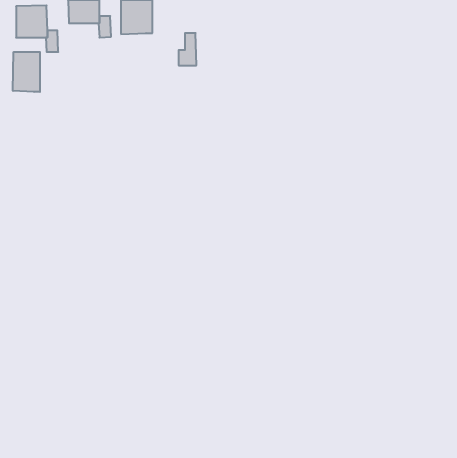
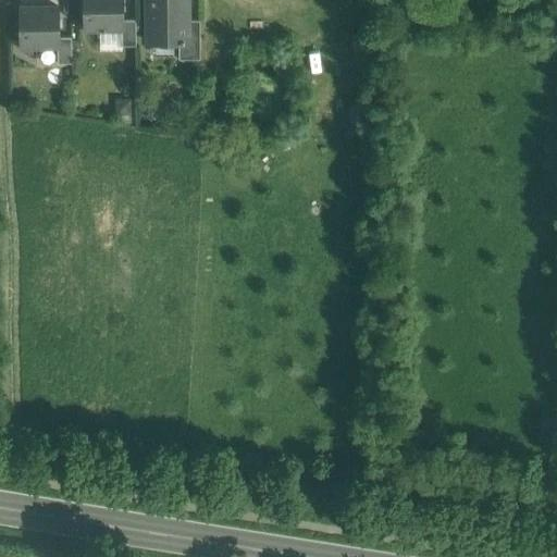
building: [179,33,196,65] -> [177,20,199,59]
building: [13,52,40,92] -> none

